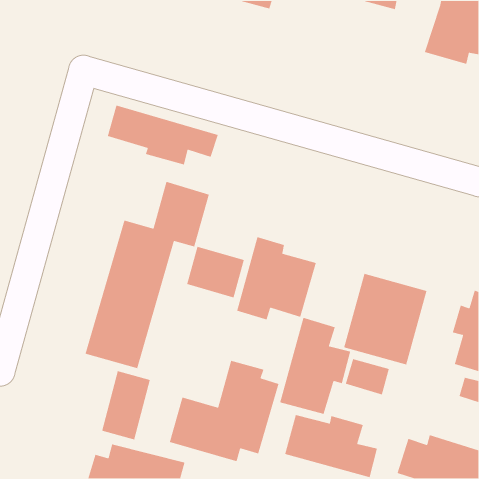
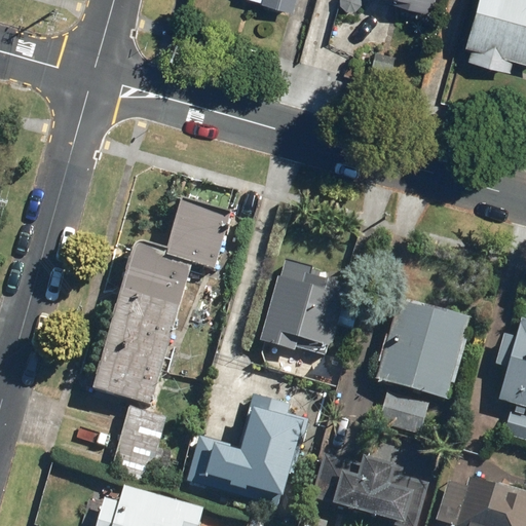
building: [107,104,219,166] -> none
building: [186,246,245,298] -> none
building: [279,317,351,415] -> none

